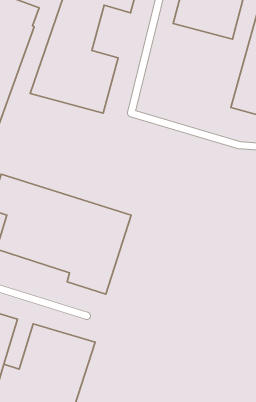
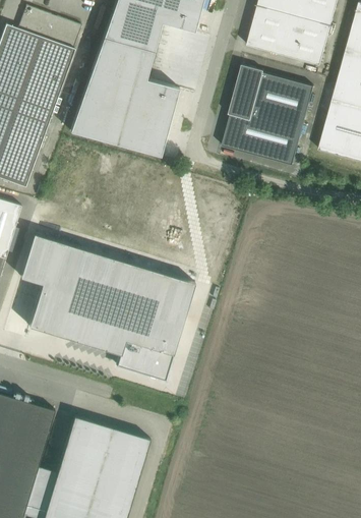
building: none -> [222,64,314,165]

